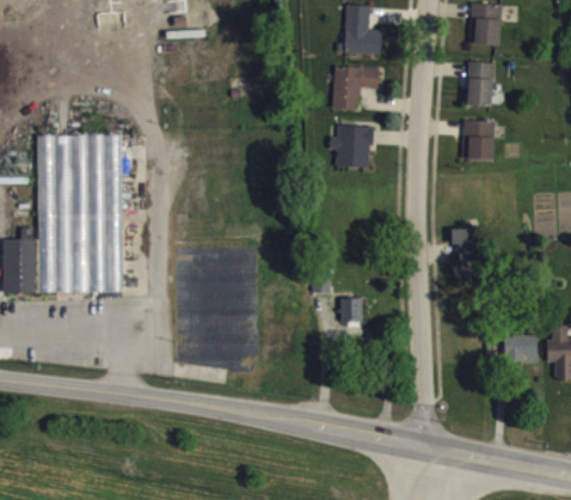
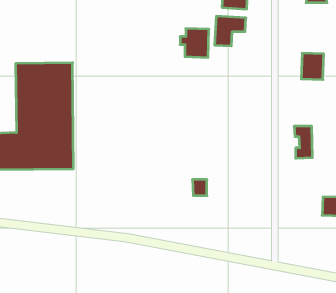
building: [468,62,493,105] -> none
building: [330,124,373,167] -> [180,29,209,57]
building: [340,298,362,322] -> [192,180,207,196]

